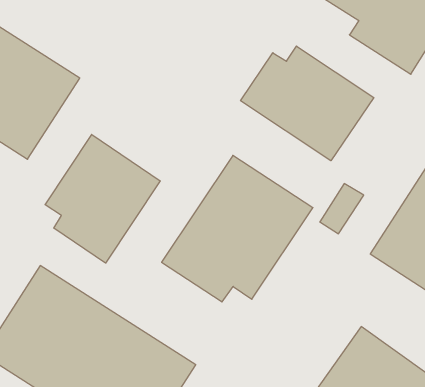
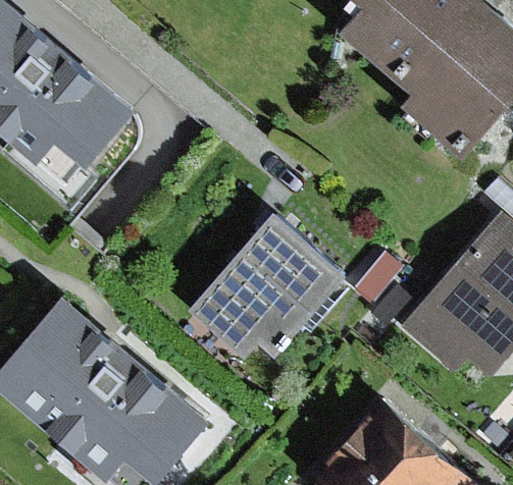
building: [241,46,374,161] -> none
building: [45,134,160,263] -> none

